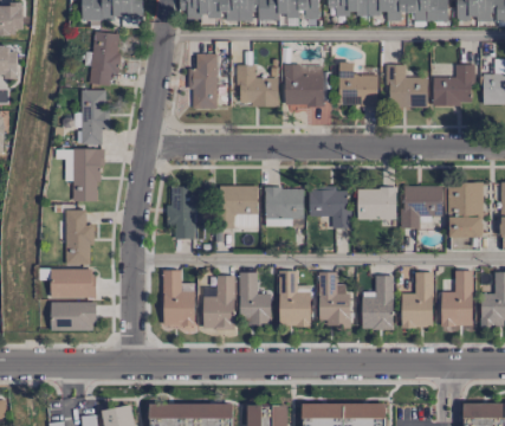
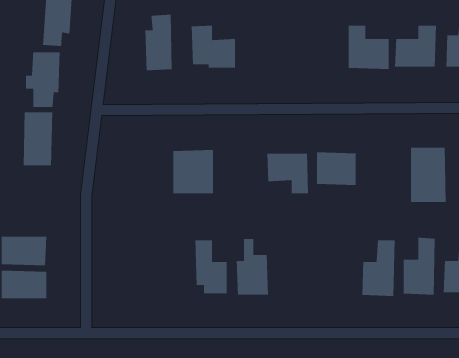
building: [339,63,377,105] -> none
building: [284,64,324,106] -> none
building: [402,185,442,228] -> none
building: [169,186,202,239] -> none
building: [265,187,304,226] -> none
building: [65,209,95,264] -> none
building: [161,270,195,325] -> none
building: [319,272,350,325] -> none
building: [203,275,235,330] -> none
building: [362,275,394,329] -> none

